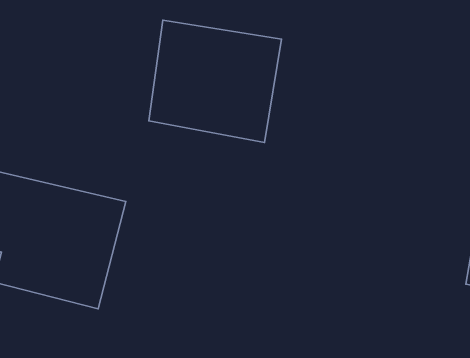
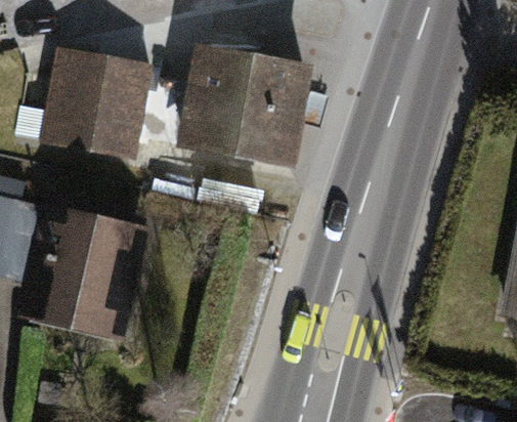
building: none -> [39,48,161,158]

